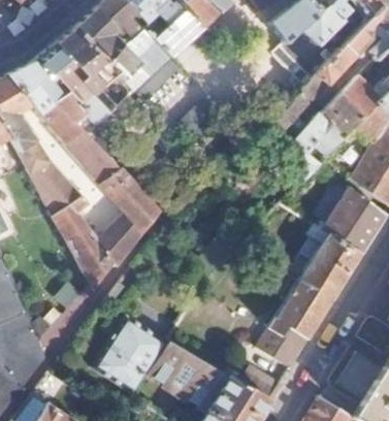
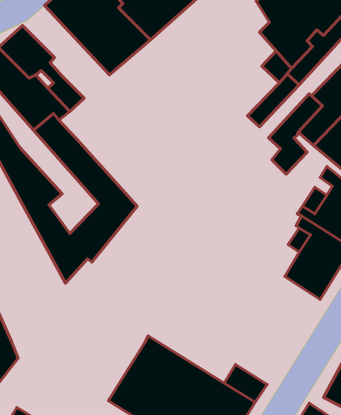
building: [53,26,134,106] -> none
building: [257,280,331,367] -> none
building: [93,316,167,394] -> none

